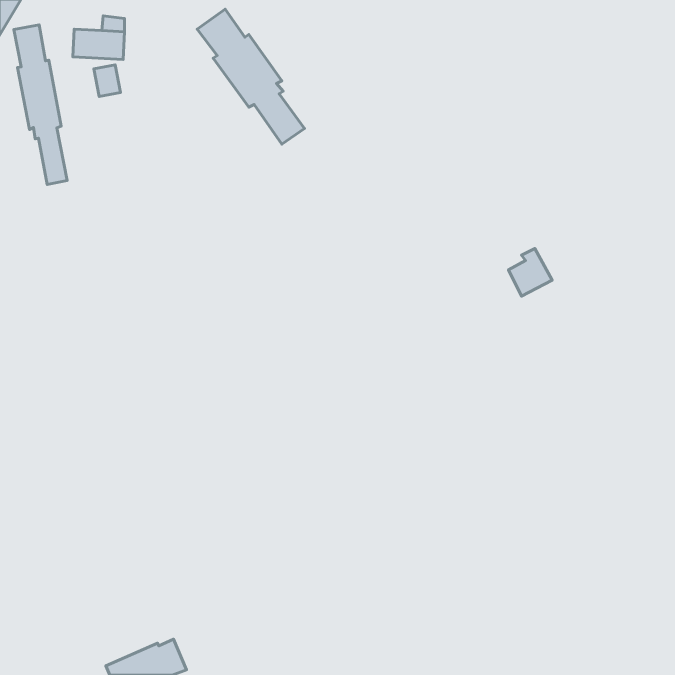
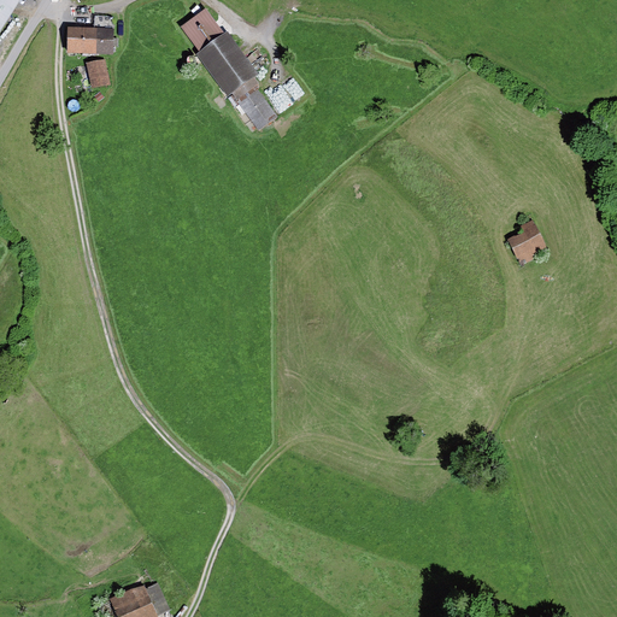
building: [14,25,67,185] -> none
building: [508,249,552,296] -> [507,221,547,264]

